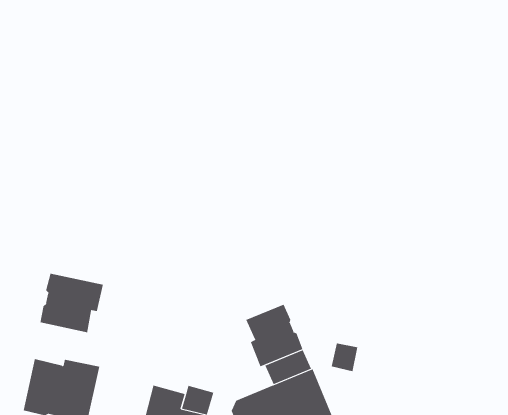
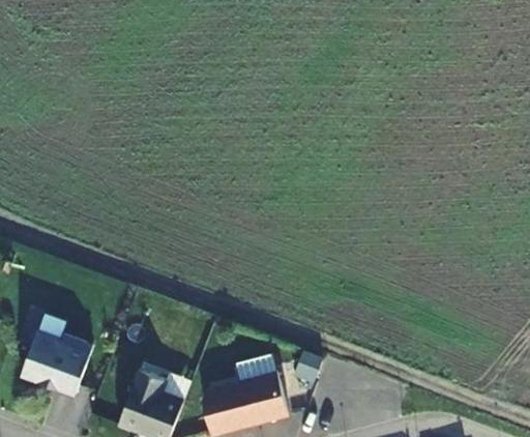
building: [40,273,104,333] -> none
building: [246,304,303,367] -> none

